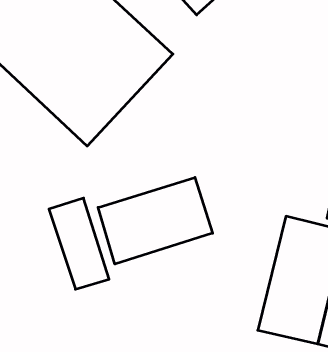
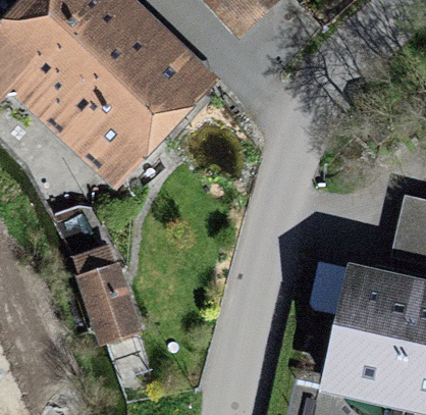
building: [98,177,213,264] -> none

